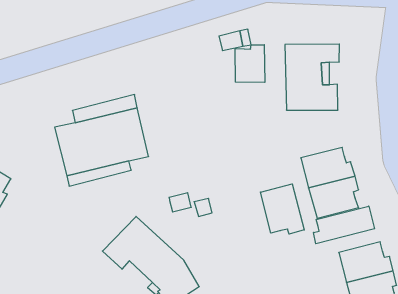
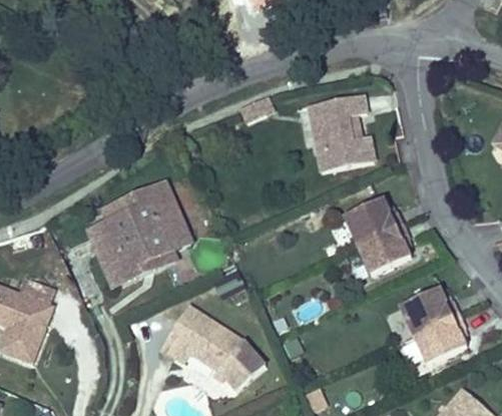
building: [235,45,265,82] -> none
building: [260,184,304,234] -> none
building: [314,206,375,244] -> none

